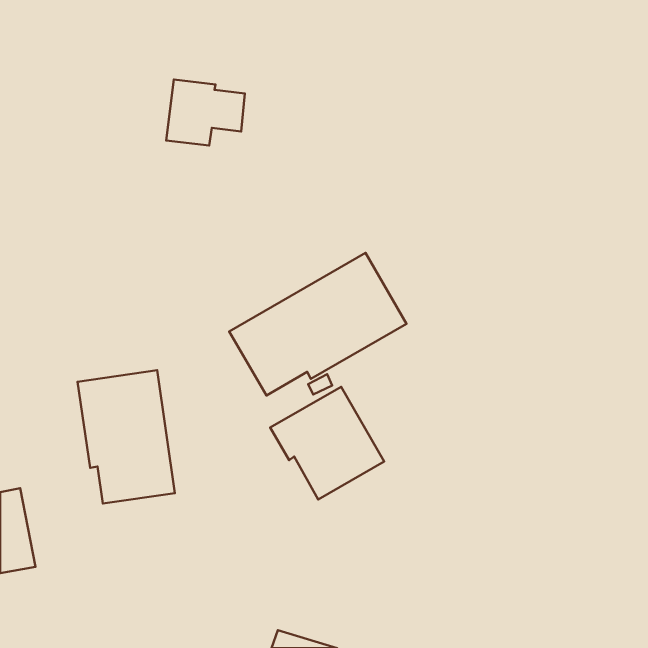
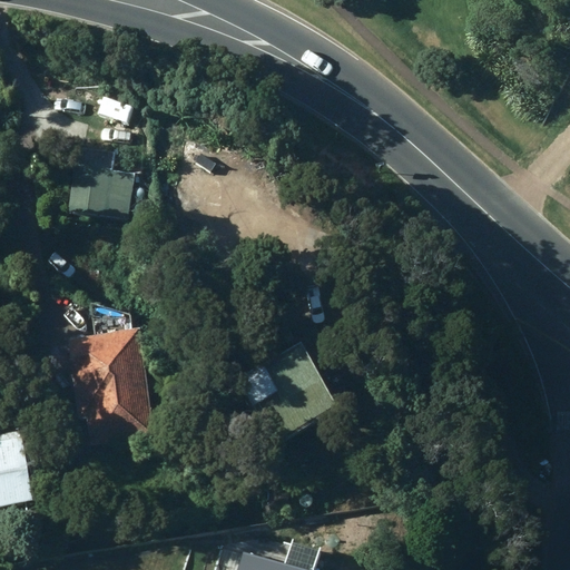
building: [166,80,245,146] -> [67,161,136,219]
building: [229,253,406,396] -> none

